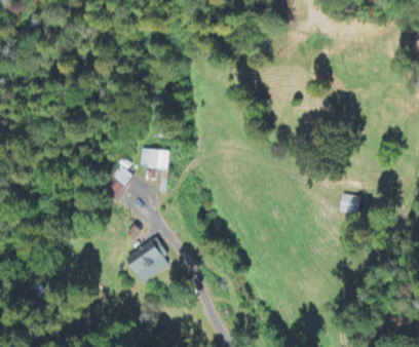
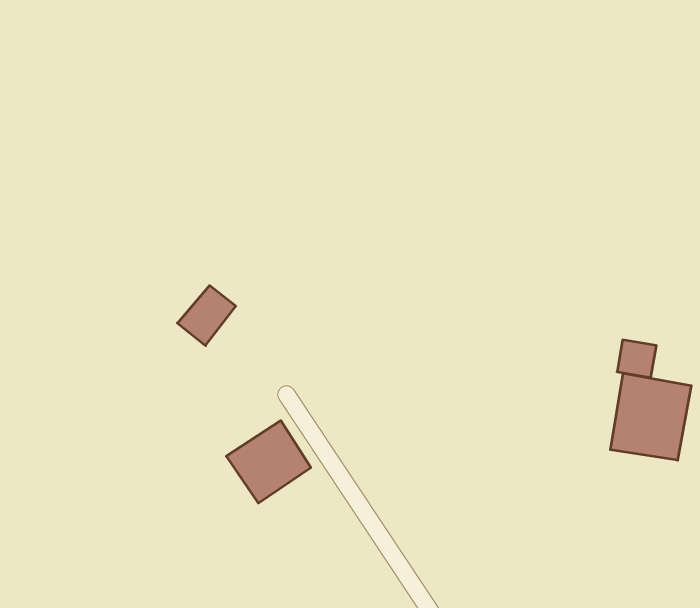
building: [139,149,168,168] -> none
building: none -> [610,373,691,460]

